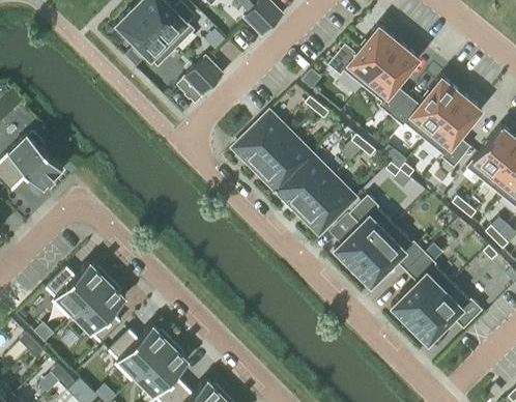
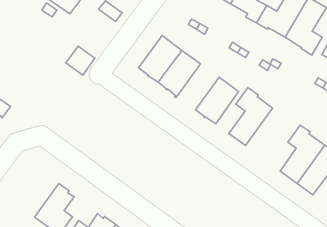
building: [176,66,213,104] -> [66,46,95,75]
building: [275,155,333,212] -> none
building: [352,226,425,286] -> none
building: [45,261,110,319] -> none

